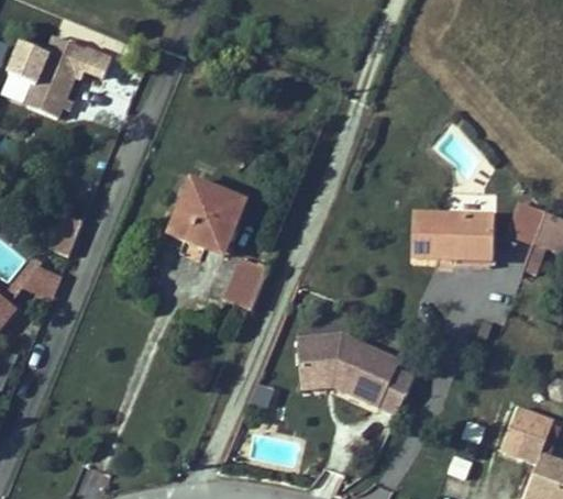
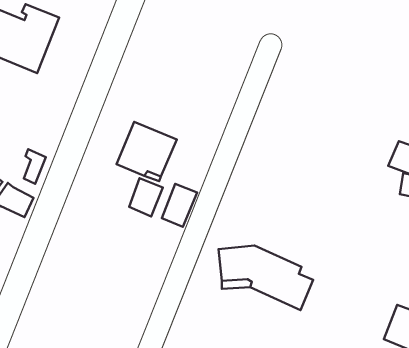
building: [415,213,489,266] -> none
building: none -> [129,178,163,216]

